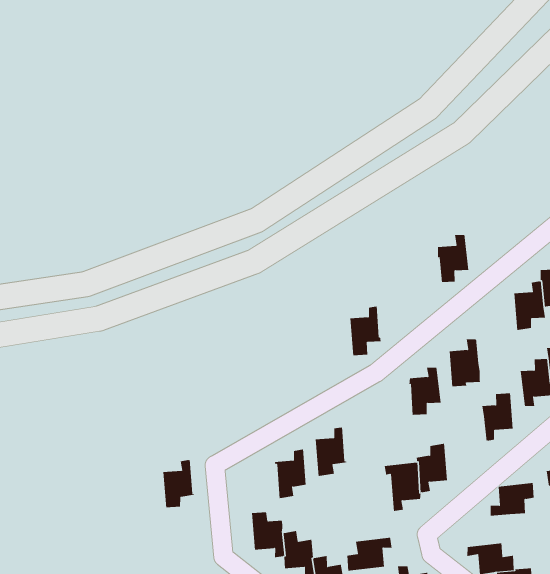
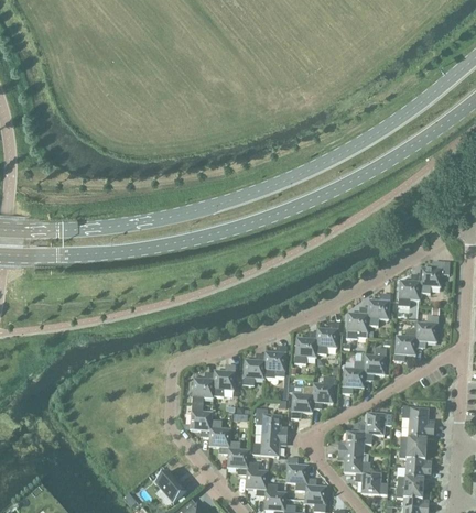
building: [437,234,469,282] -> [368,292,390,325]
building: [349,306,382,356] -> [294,330,317,363]
building: none -> [263,345,286,378]
building: none -> [343,360,365,392]
building: [163,459,195,508] -> [192,371,215,403]
building: none -> [255,407,288,435]
building: none -> [338,429,372,451]

